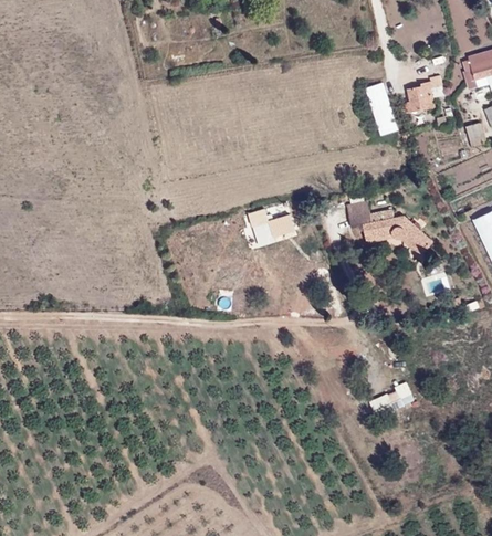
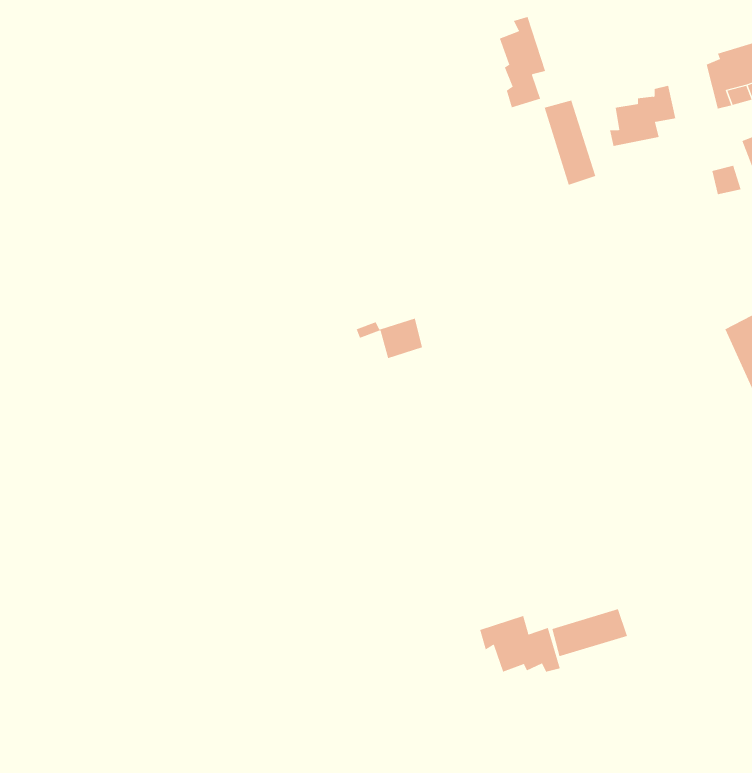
building: none -> [499,16,546,108]
building: [345,201,432,253] -> none
building: none -> [479,615,560,673]

